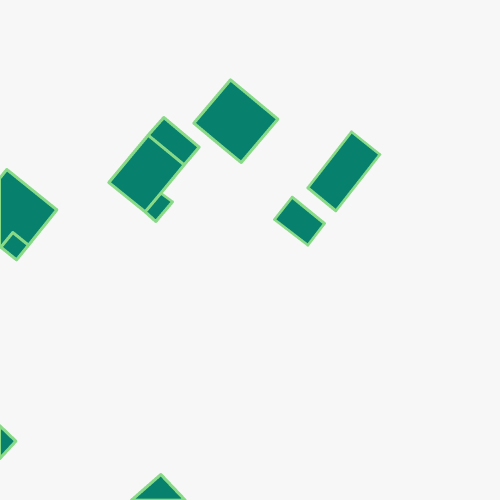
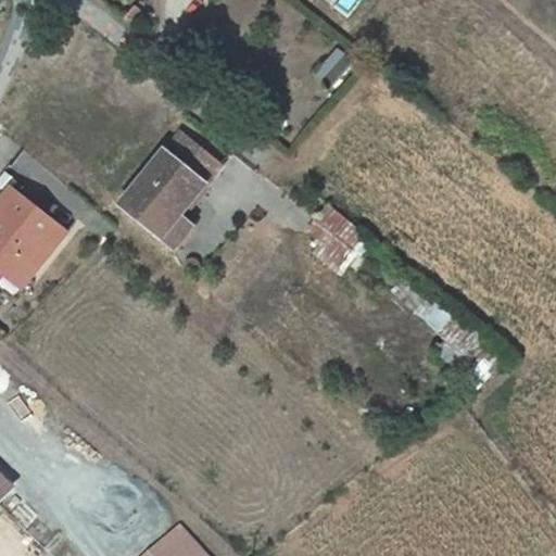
building: [194,80,278,162] -> none
building: [308,132,380,211] -> none

